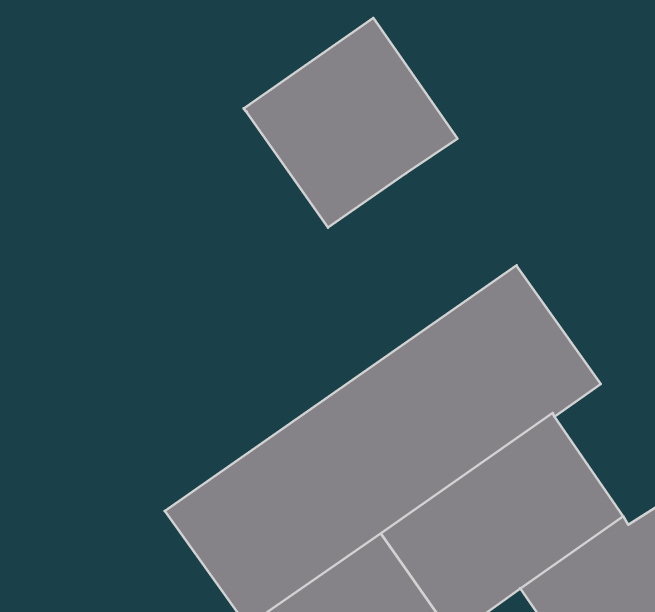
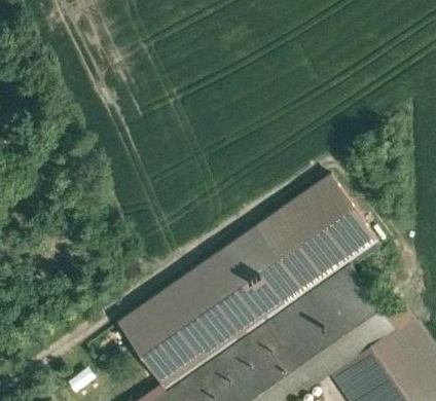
building: [244,18,457,228] -> none

